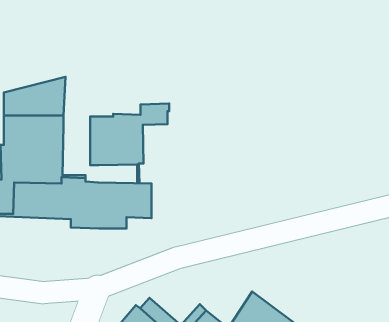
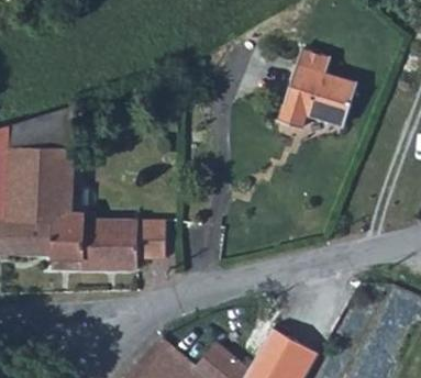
building: none -> [280,51,356,129]
building: [90,104,169,183] -> none

